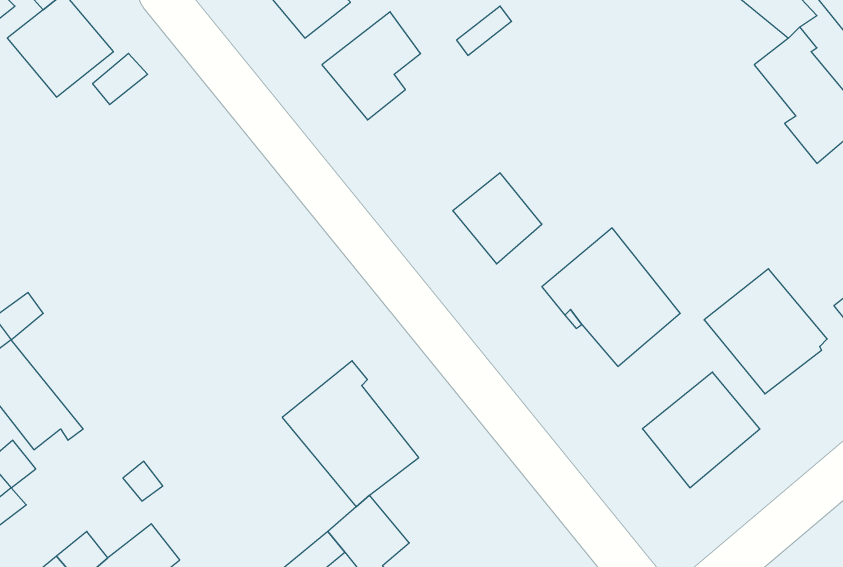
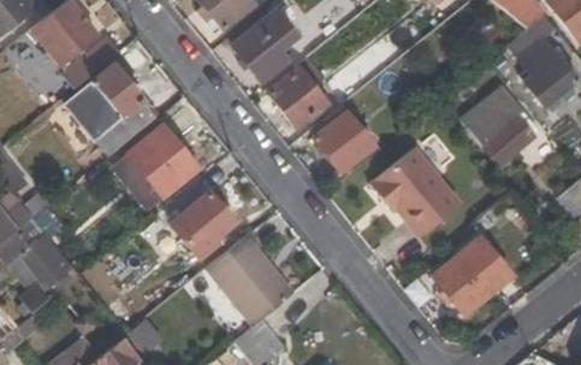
building: none -> [64,61,159,158]
building: none -> [271,70,326,126]
building: none -> [112,125,198,210]
building: [704,269,827,394] -> [461,86,539,165]
building: none -> [172,193,235,261]

